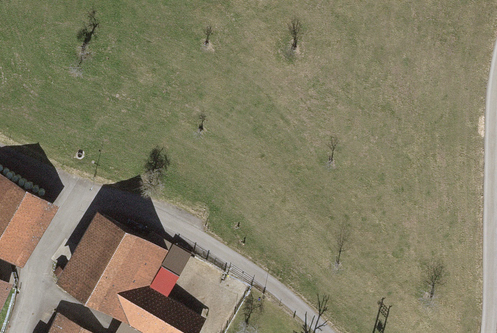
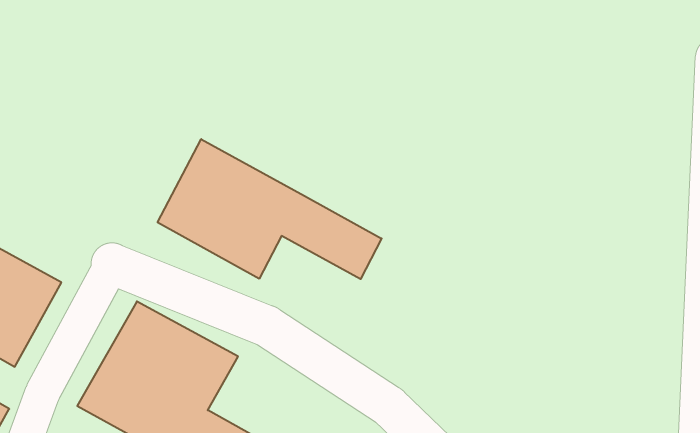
building: none -> [158,139,382,279]

